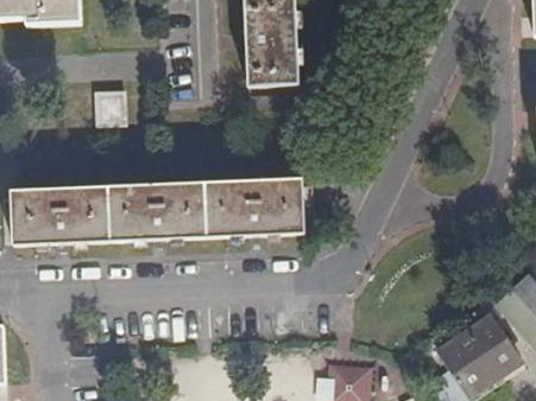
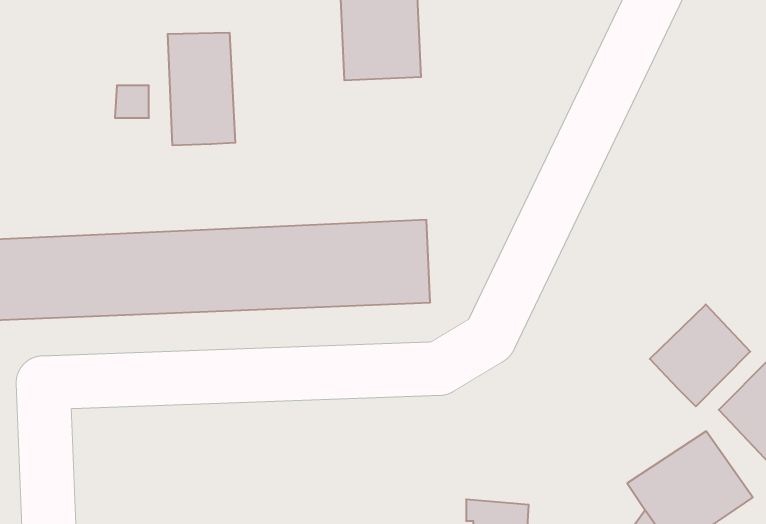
building: none -> [168,33,235,145]
building: none -> [650,304,750,406]

